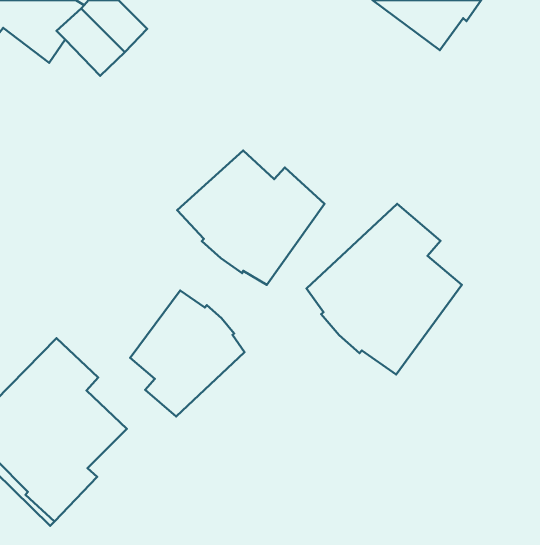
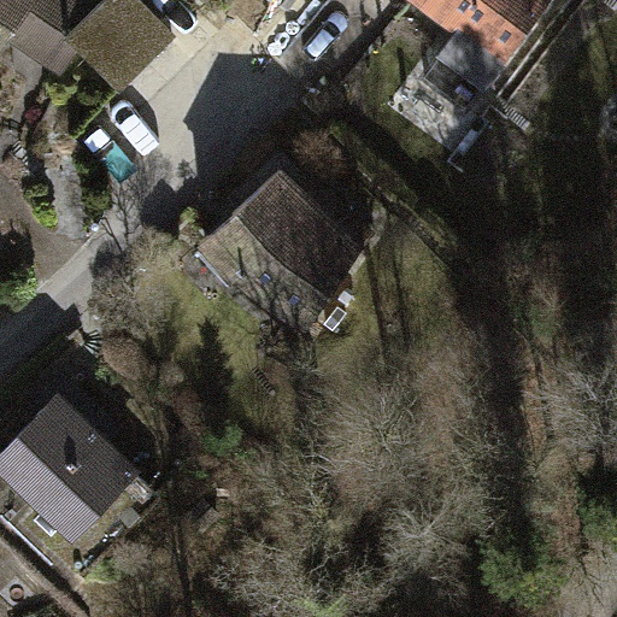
building: [307,204,462,374] -> none
building: [130,290,244,417] -> none

